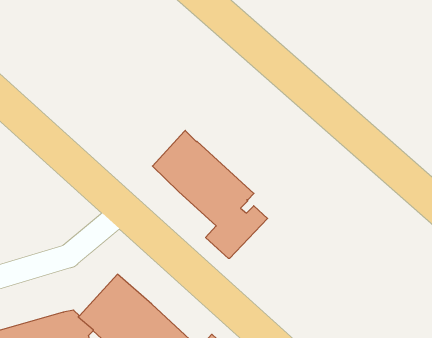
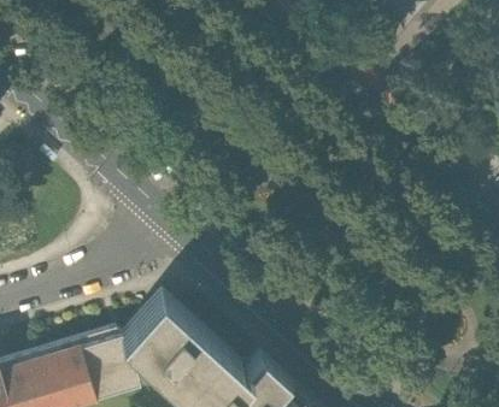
building: [152,130,268,258] -> none

